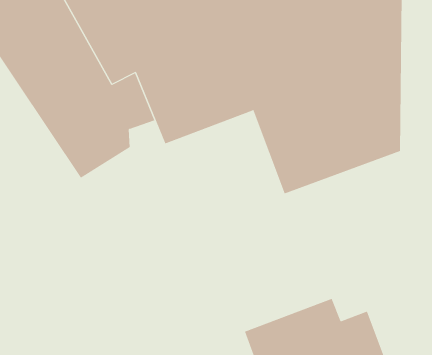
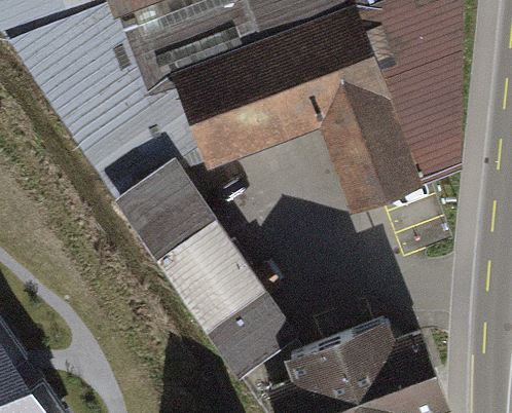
building: none -> [120,168,292,374]

